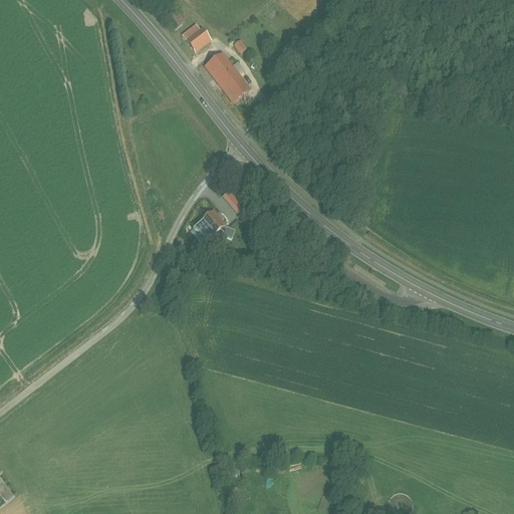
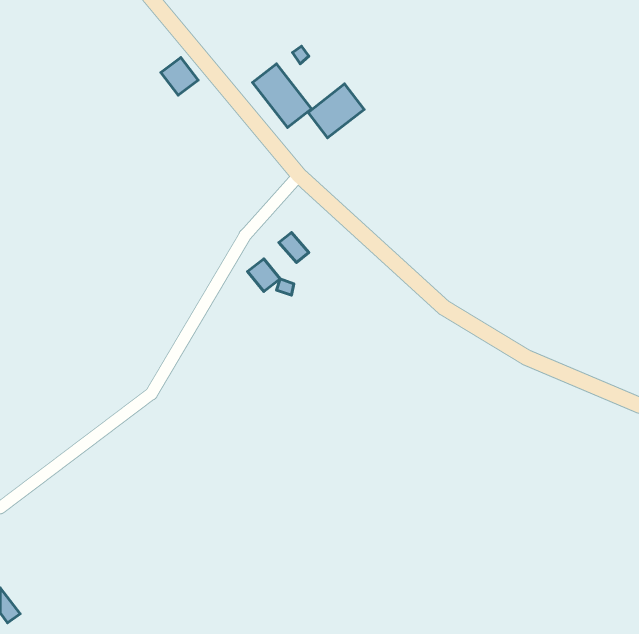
building: [181,21,211,51] -> [161,58,198,95]
building: none -> [308,84,364,138]

